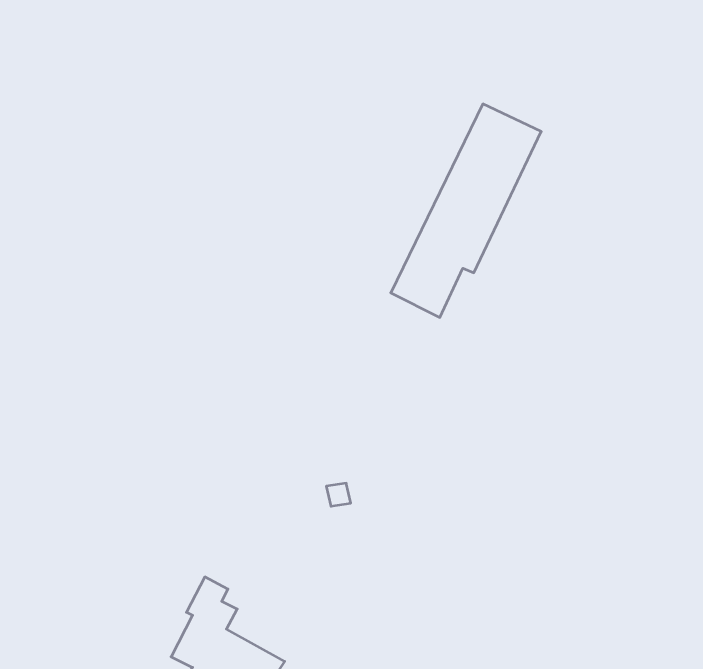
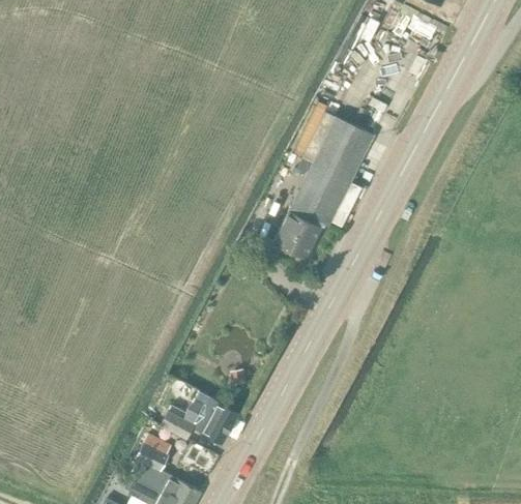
building: none -> [160,392,239,443]

